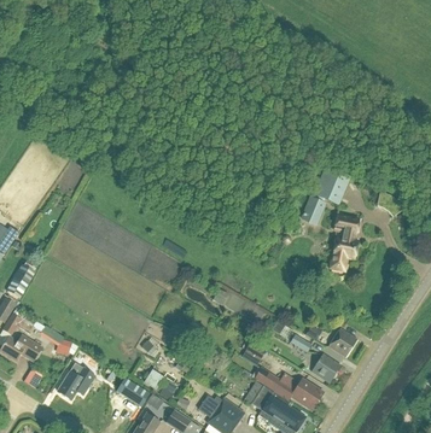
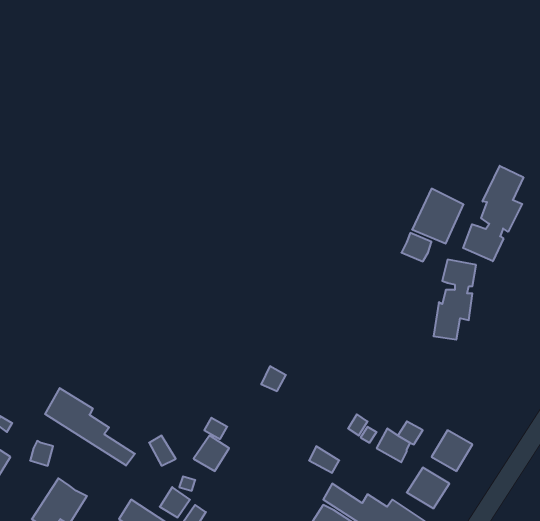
building: none -> [463,166,523,261]
building: none -> [45,388,135,466]

